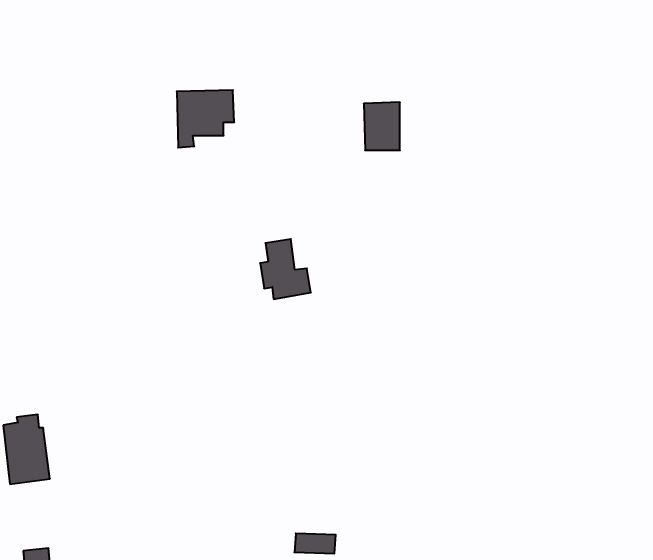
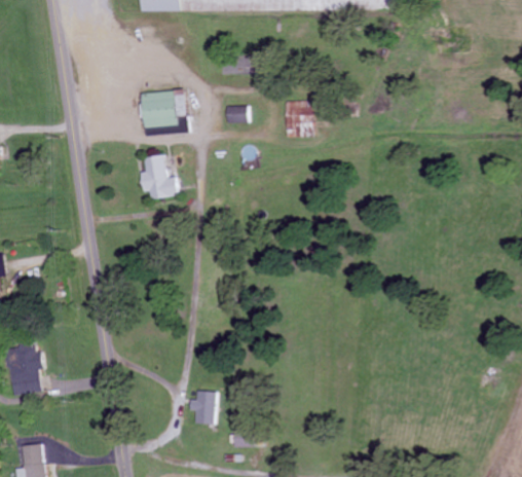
building: none -> [227,105,250,122]
building: [260,239,311,299] -> [140,153,179,199]
building: none -> [189,391,215,424]

